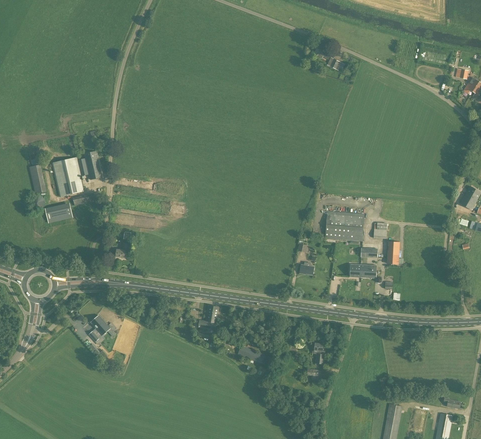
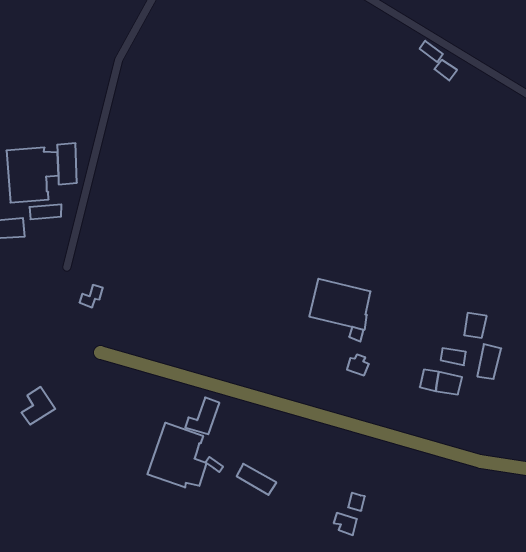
building: [325,211,363,240] -> [309,279,371,330]
building: none -> [147,423,206,488]

